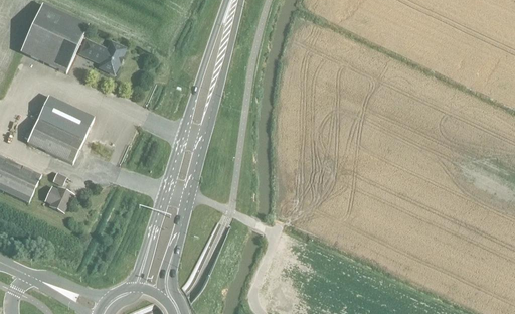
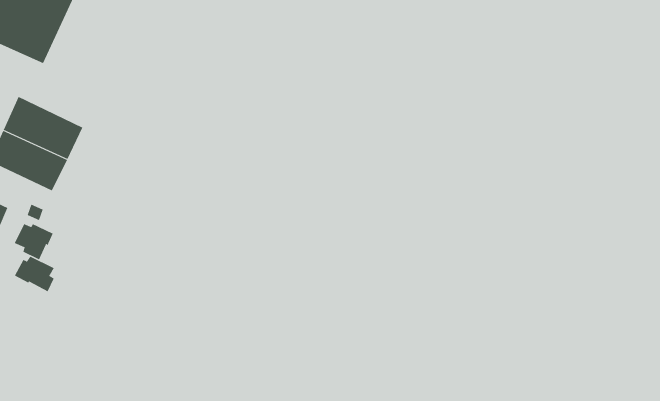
building: [78,39,125,73] -> none
building: none -> [14,256,55,292]

